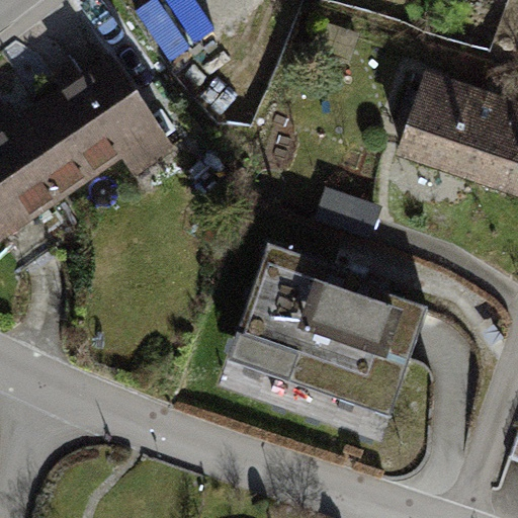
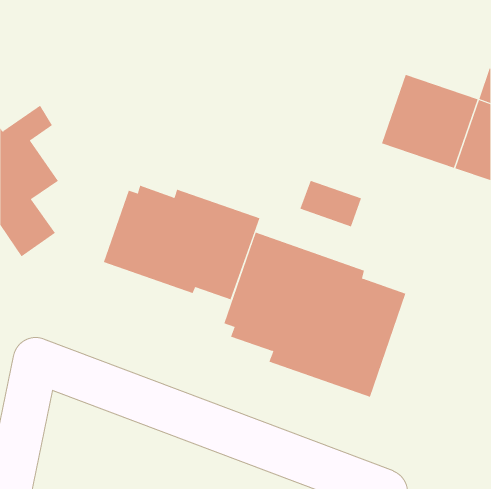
building: [32,66,156,193] -> none
building: none -> [103,185,260,300]

